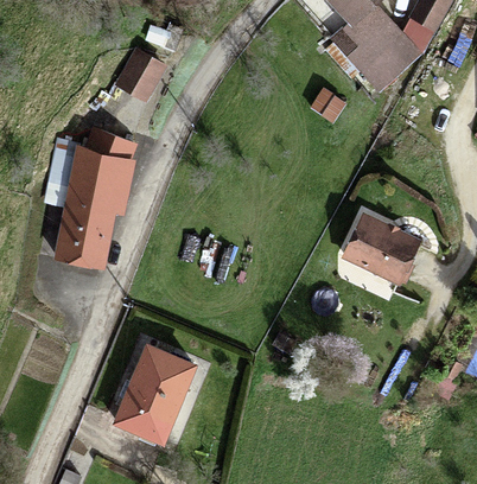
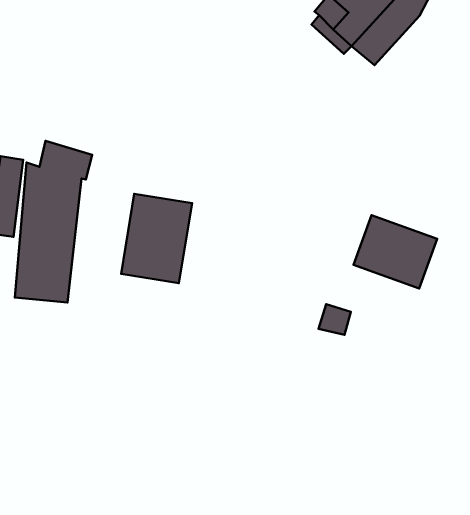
building: [121,53,165,98] -> none
building: none -> [121,194,192,283]
building: [115,345,195,441] -> none

